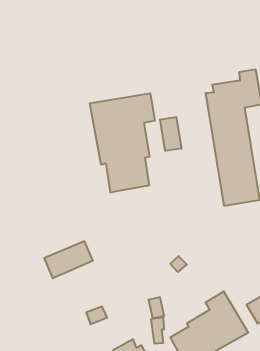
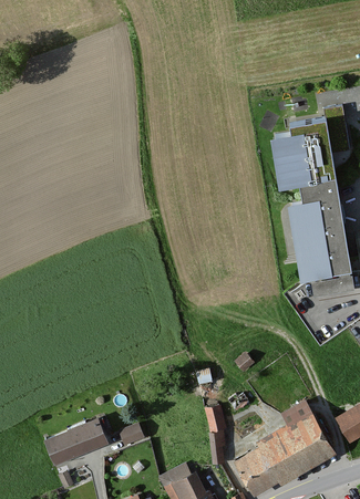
building: [90,93,155,193] -> none
building: [160,117,181,151] -> none
building: [44,241,93,278] -> [43,416,107,465]

